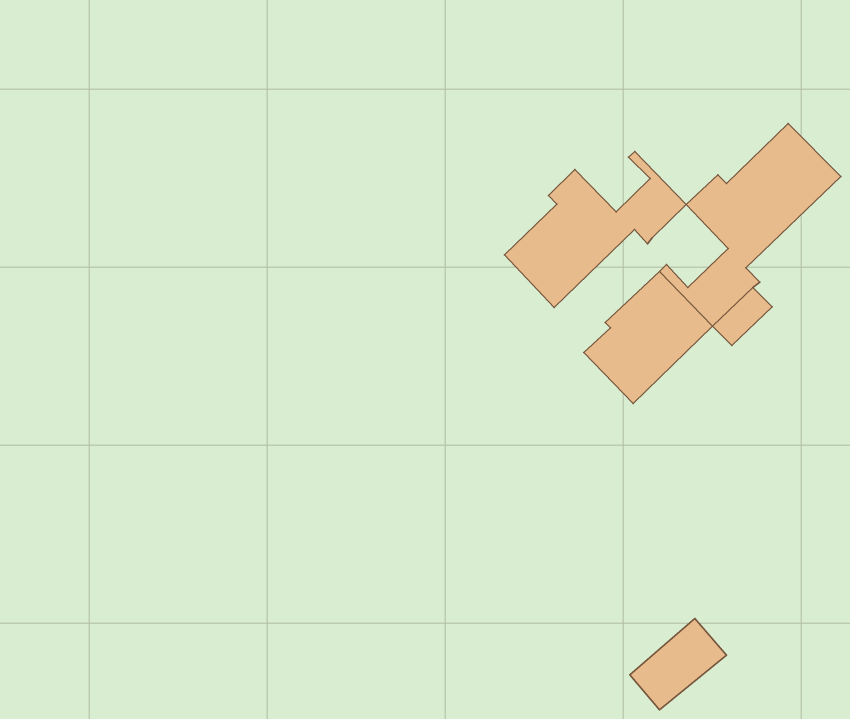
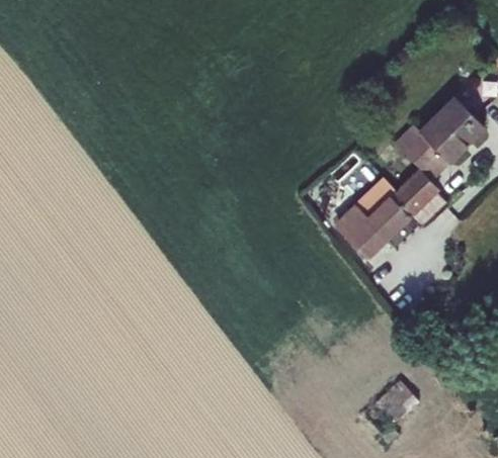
building: [505,152,686,308] -> none

